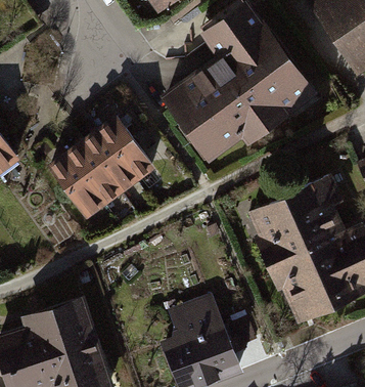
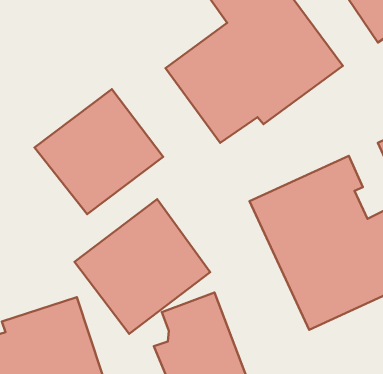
building: none -> [74,199,210,334]

